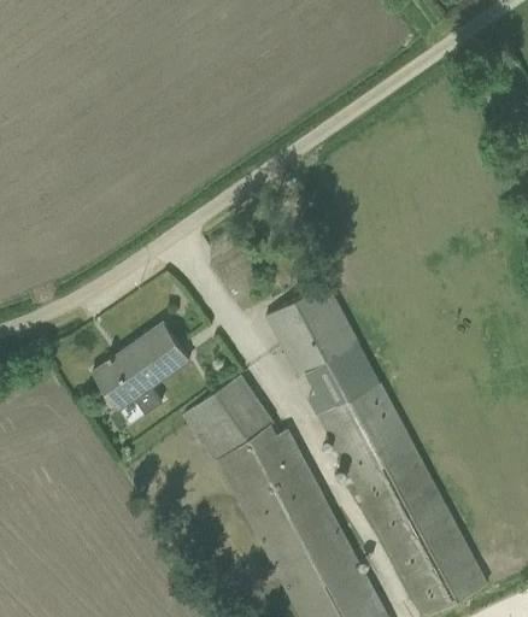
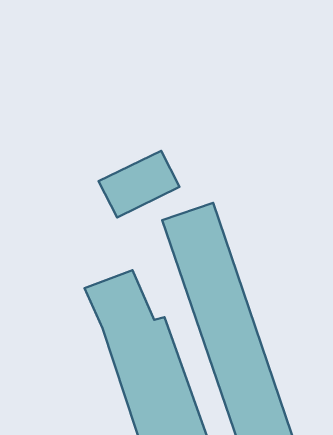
building: [99,317,199,406] -> [99,151,180,217]

